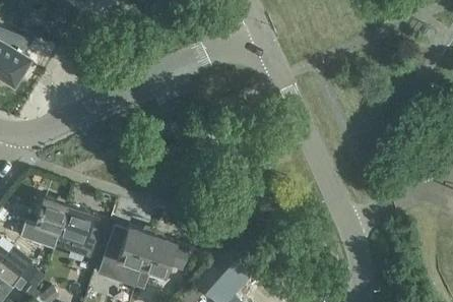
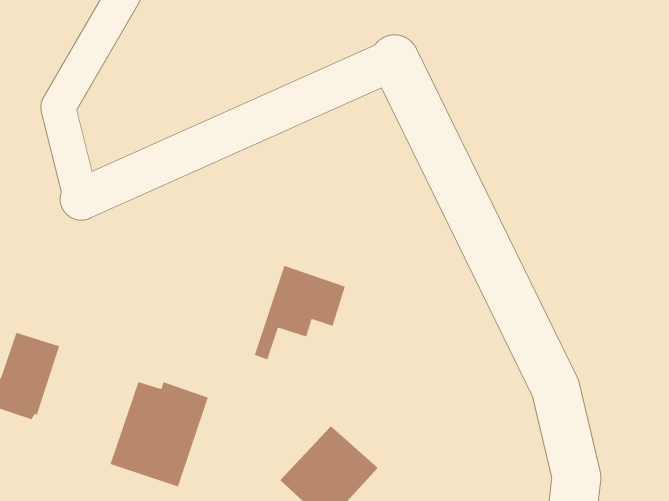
building: [54,205,98,257] -> none
building: [135,235,188,290] -> [254,265,346,360]

